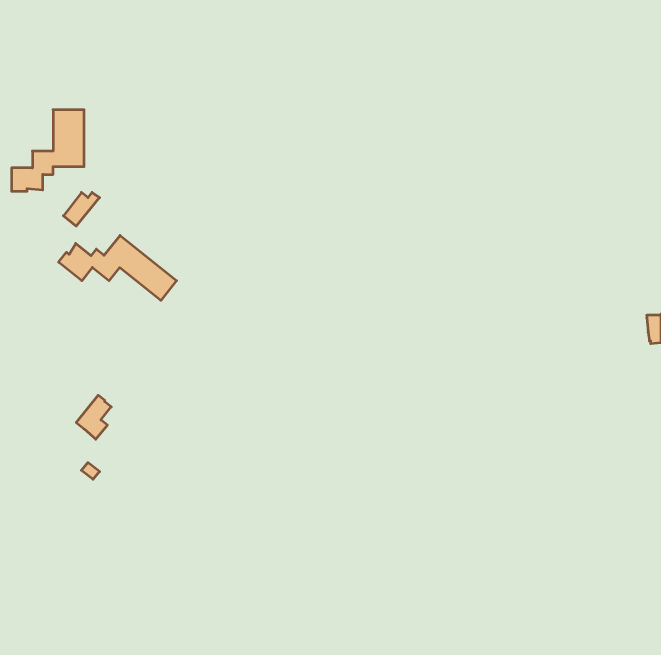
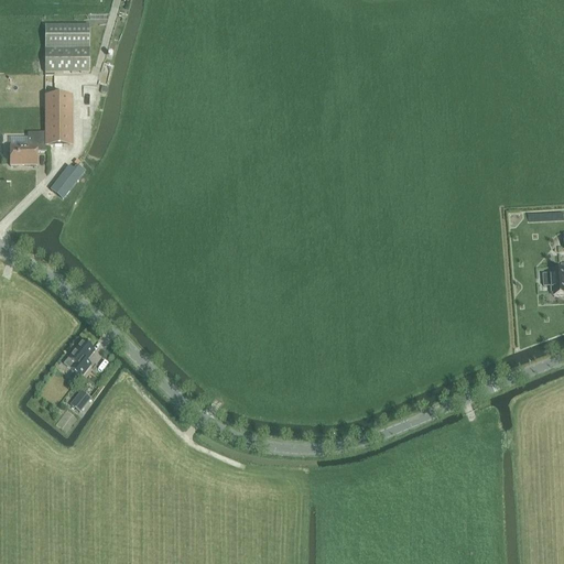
building: none -> [45,24,89,69]
building: [59,235,177,300] -> none

